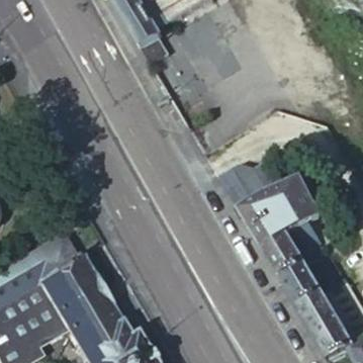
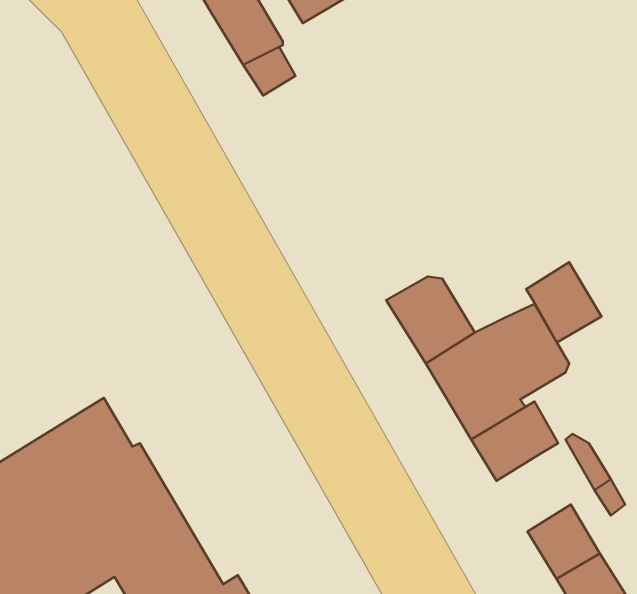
building: none -> [526,262,601,342]
building: [282,261,324,304] -> none

